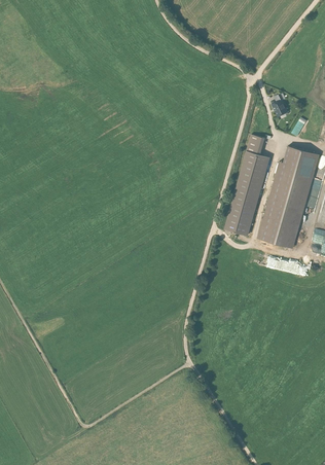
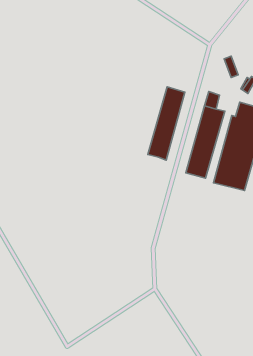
building: none -> [148,87,185,160]

